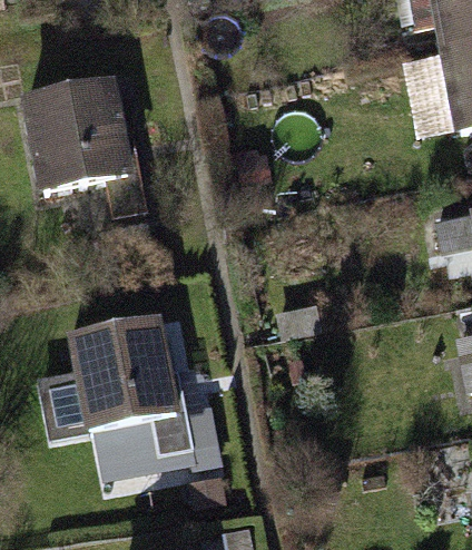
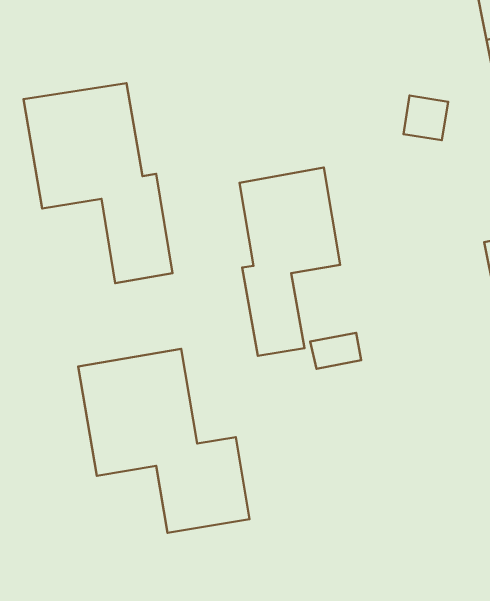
building: none -> [240,167,340,356]

